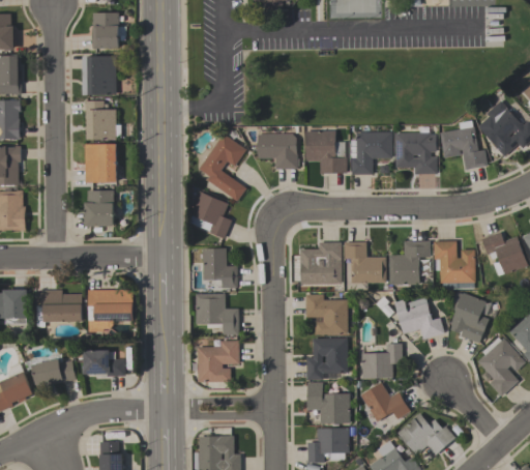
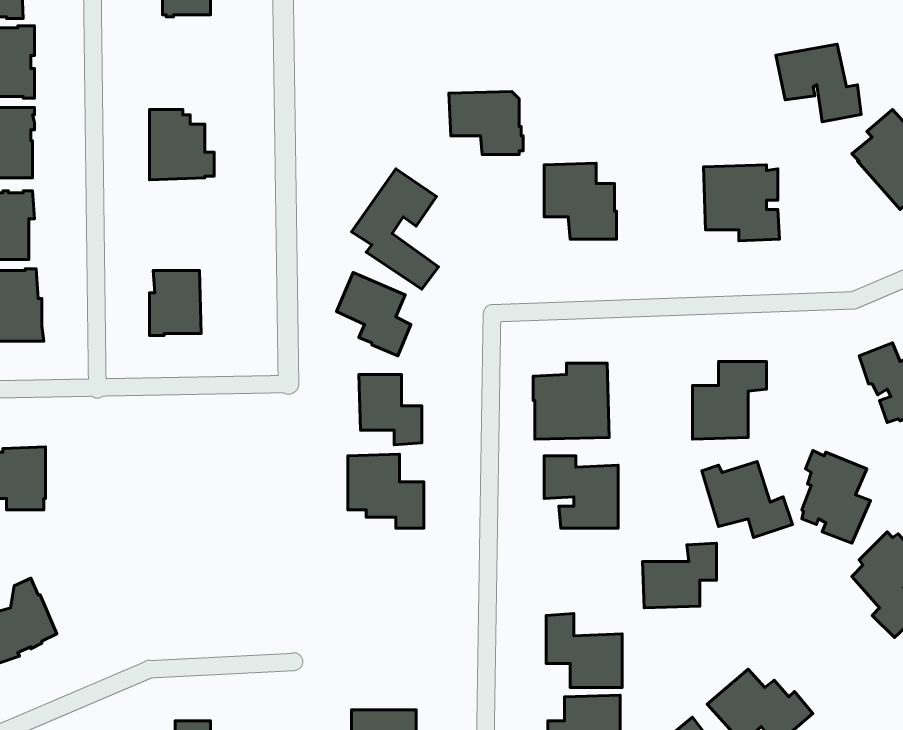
building: [83,56,116,94] -> none
building: [439,126,487,170] -> [776,44,861,122]
building: [350,131,392,175] -> none
building: [257,134,298,169] -> [449,91,523,154]
building: [84,143,117,182] -> none
building: [433,240,474,283] -> none
building: [344,242,385,283] -> none
building: [88,289,134,331] -> none
building: [35,290,83,327] -> none
building: [305,337,347,380] -> none
building: [197,341,239,382] -> none
building: [83,350,125,376] -> none
building: [32,358,76,387] -> none
building: [359,382,410,422] -> none

